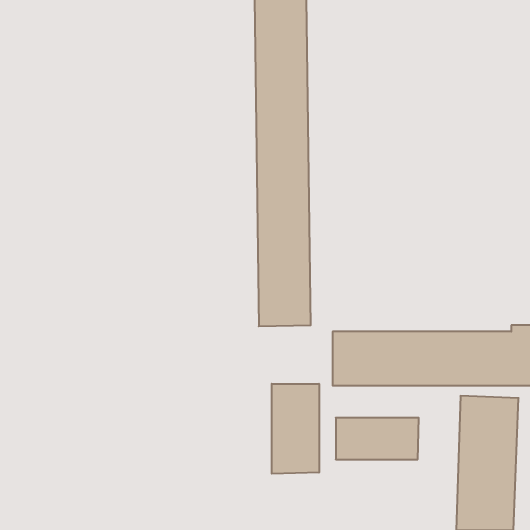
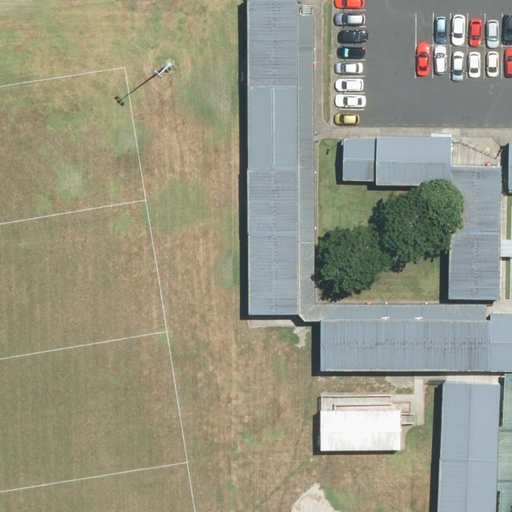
building: none -> [342,135,500,296]
building: [272,384,319,474] -> none

